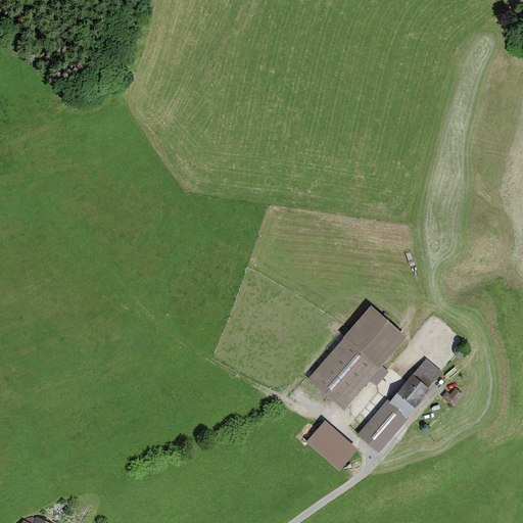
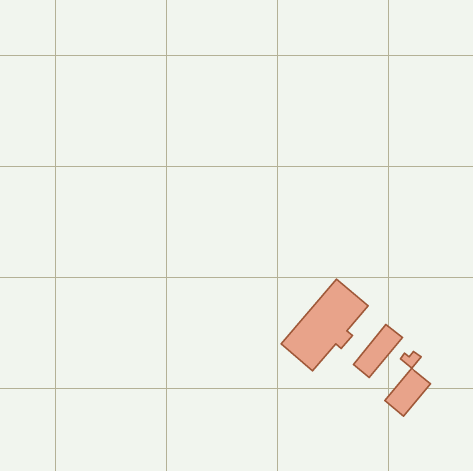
building: [356,398,407,451] -> [385,368,430,416]
building: [306,421,358,471] -> none

